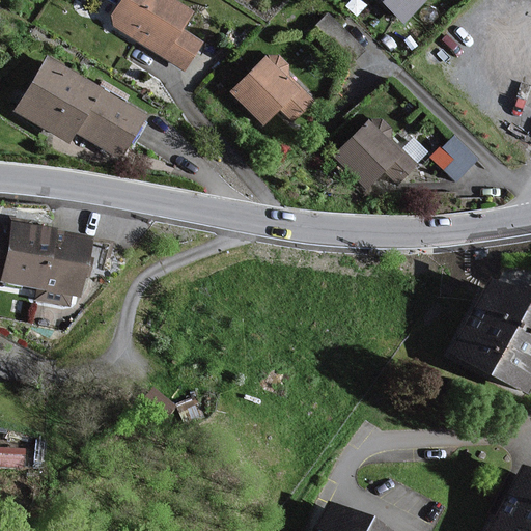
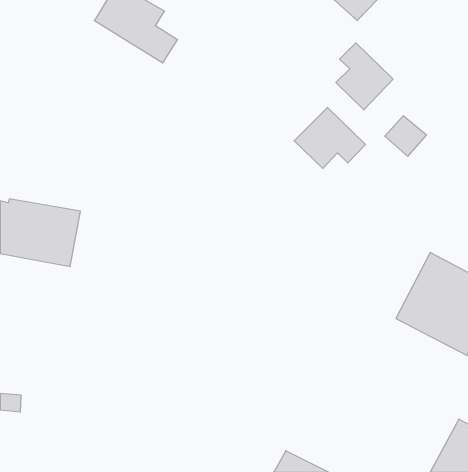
building: none -> [336,43,393,110]
building: [229,55,314,129] -> none
building: [18,59,146,156] -> none

